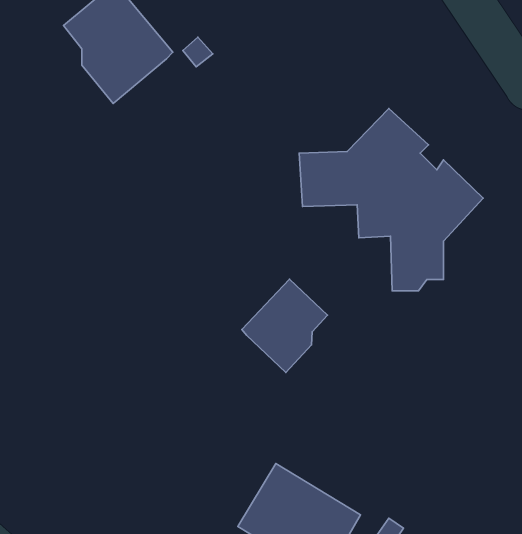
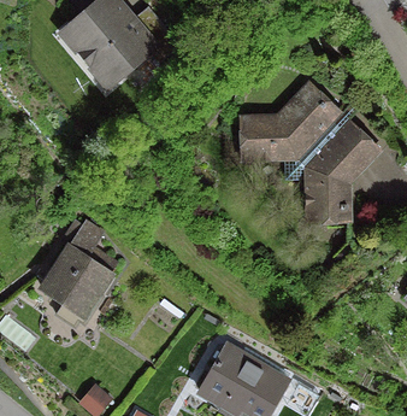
building: [242,279,327,372] -> none
building: none -> [42,223,116,327]

